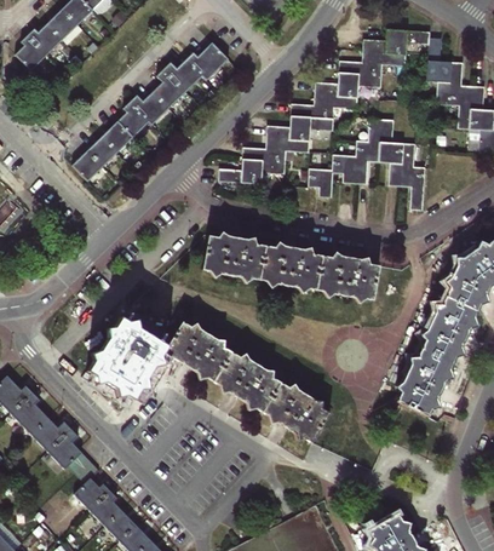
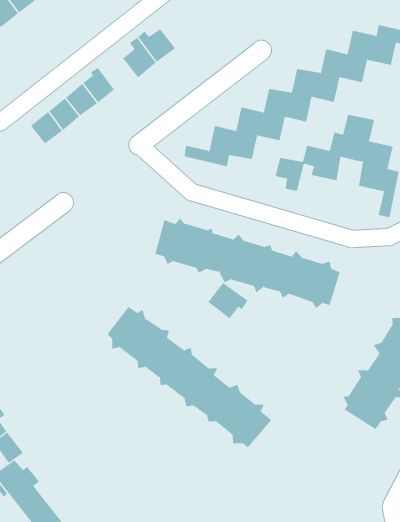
building: [184,40,225,78] -> none
building: [130,88,168,121] -> none
building: none -> [207,282,248,319]
building: [88,318,170,402] -> none

